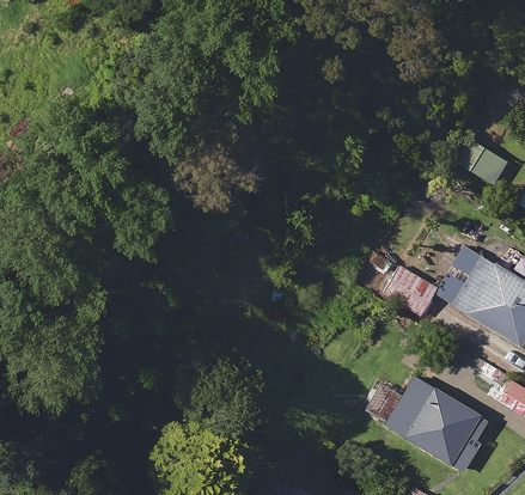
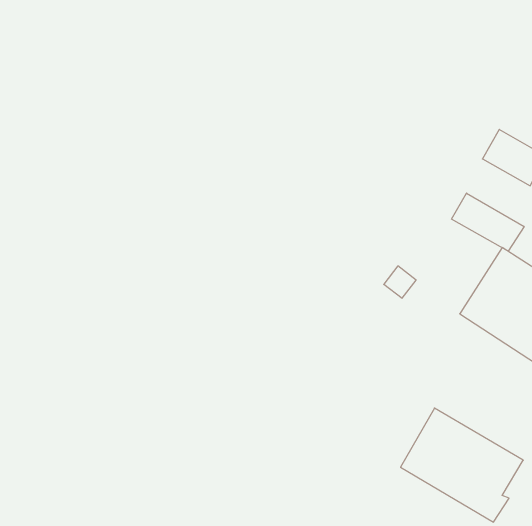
building: none -> [452,193,524,251]
building: [384,268,437,317] -> none

